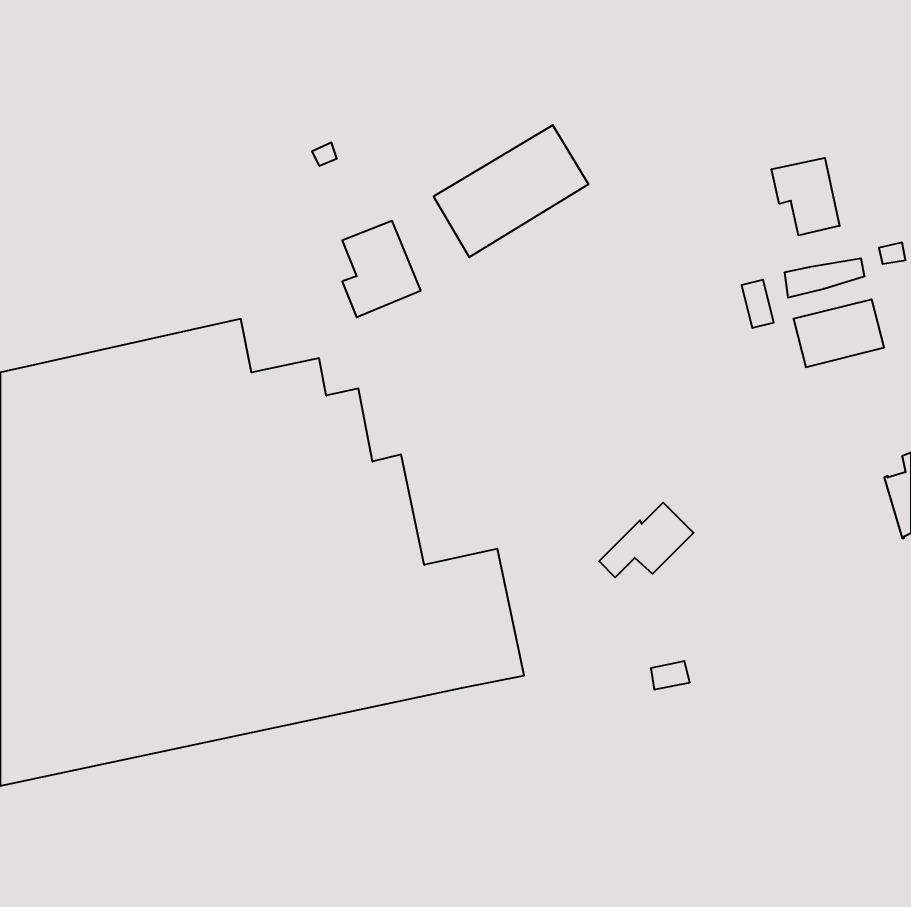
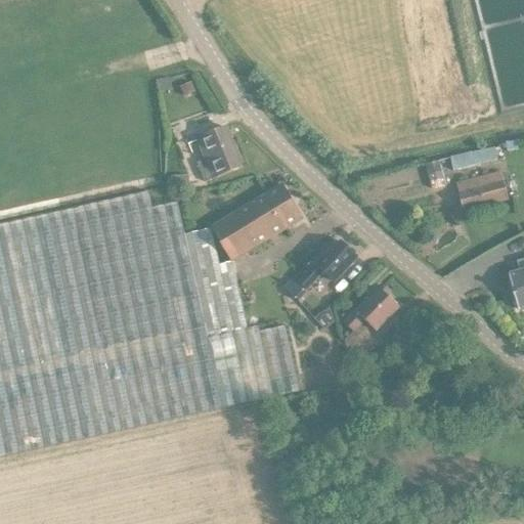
building: [434,125,589,257] -> [212,187,301,263]
building: [772,158,840,235] -> none
building: none -> [298,244,356,292]

